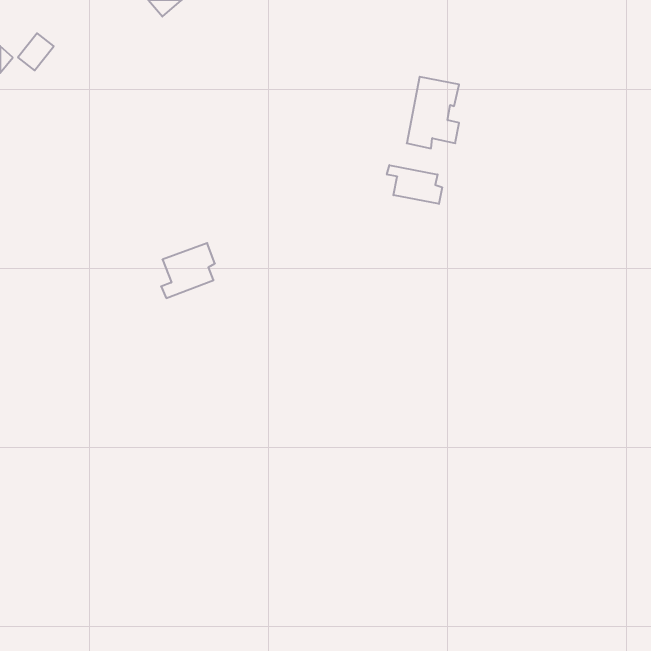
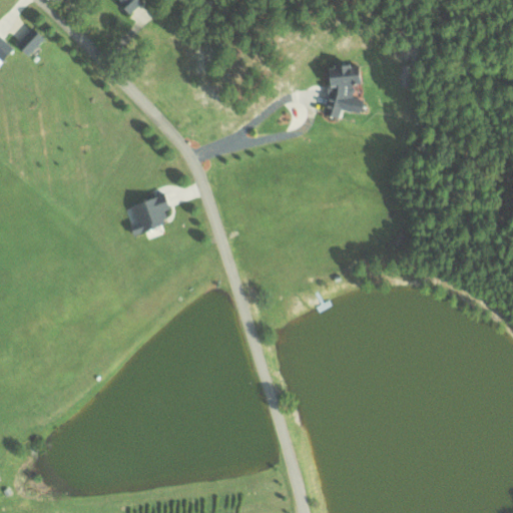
building: [387,165,442,204] -> none

